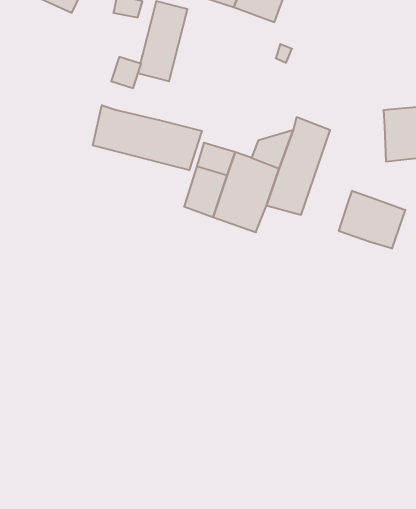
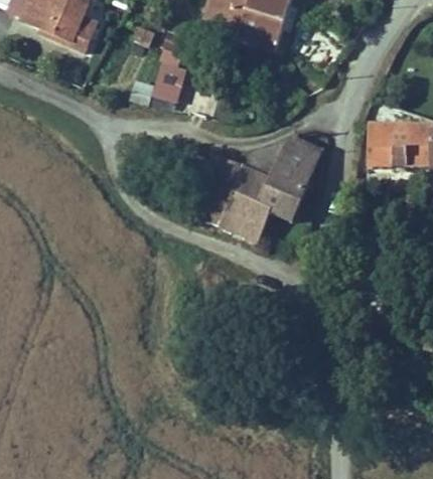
building: [93,105,202,170] -> none
building: [339,191,405,249] -> none

